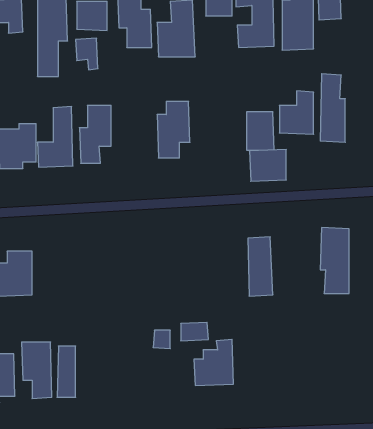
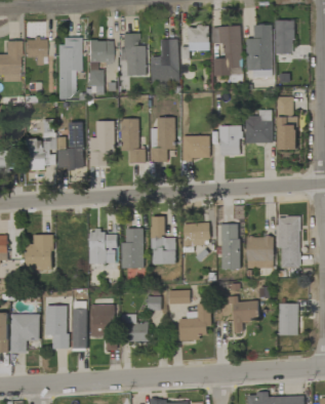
building: none -> [121,119,146,163]
building: [249,150,286,181] -> [182,135,211,160]
building: none -> [152,216,176,265]
building: none -> [184,224,211,246]
building: none -> [121,229,144,269]
building: none -> [90,230,117,264]
building: none -> [247,237,275,269]
building: none -> [217,296,259,333]
building: none -> [91,305,115,351]
building: none -> [279,305,298,335]
building: none -> [123,315,149,342]

